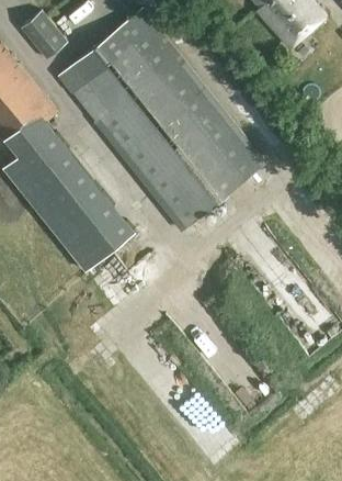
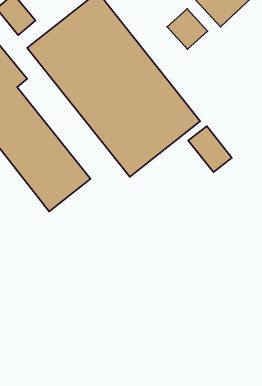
building: none -> [167,9,208,49]
building: none -> [188,126,232,172]

